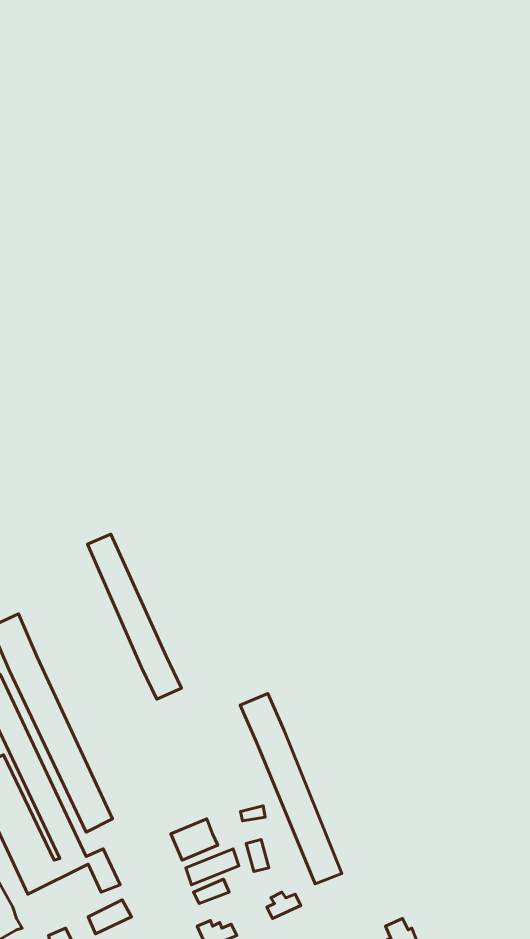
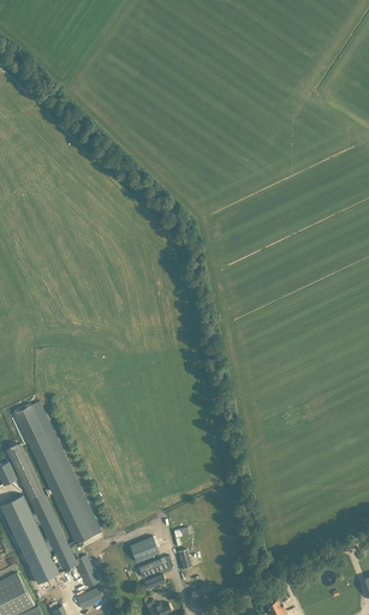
building: [87,534,182,699] -> none
building: [240,694,342,884] -> none

